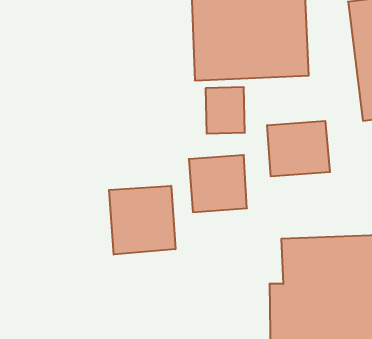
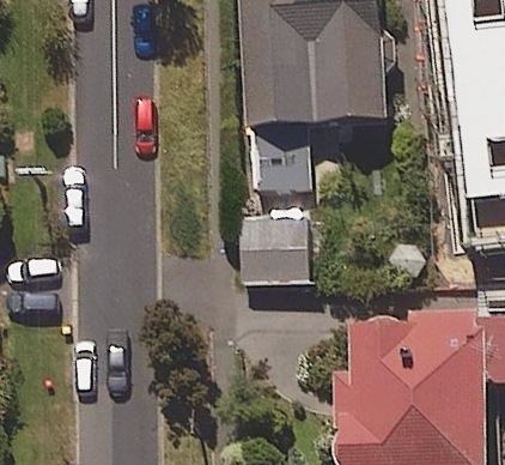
building: [267,121,330,176] -> none
building: [109,186,175,255] -> none

